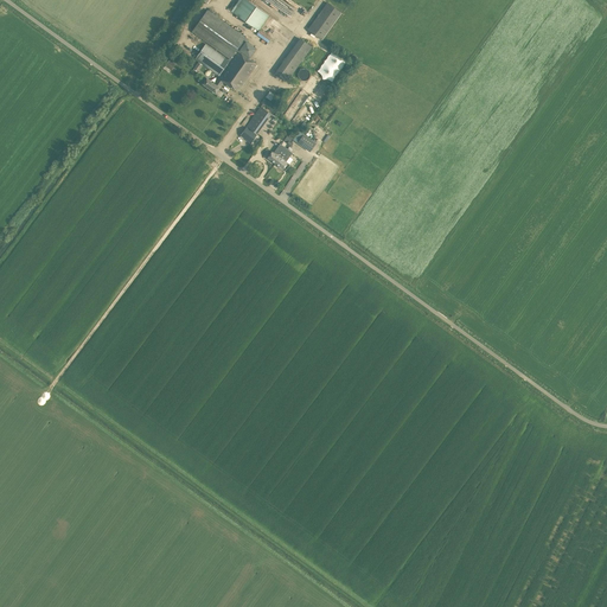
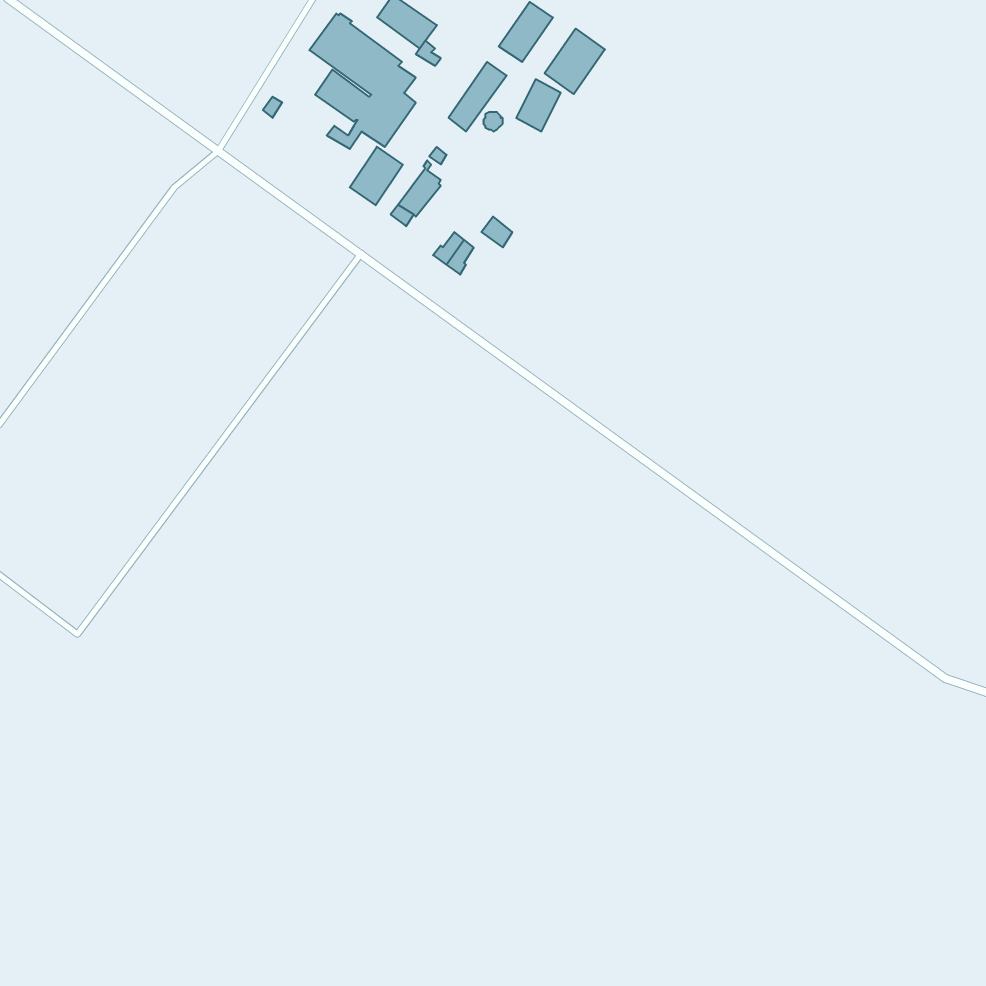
building: none -> [545,29,605,94]
building: none -> [350,147,403,205]

